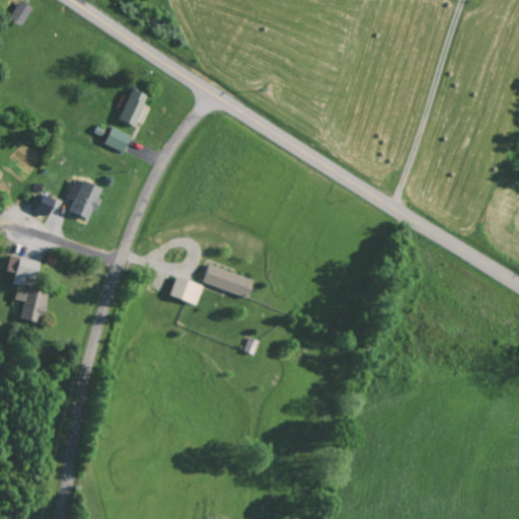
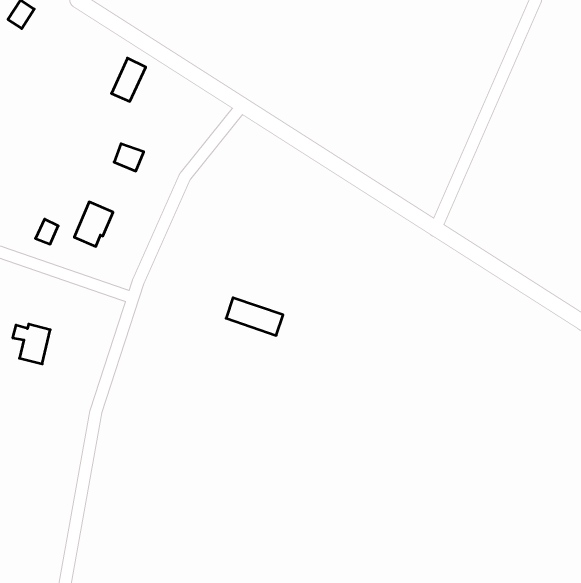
building: [118,88,148,127] -> [111,58,146,101]
building: [11,256,40,287] -> none
building: [169,277,202,304] -> none

